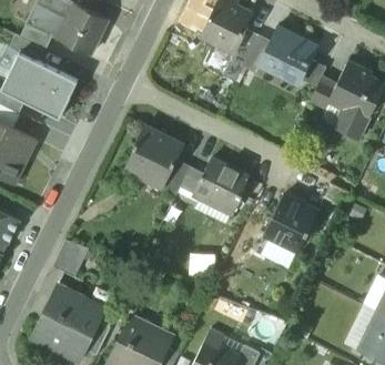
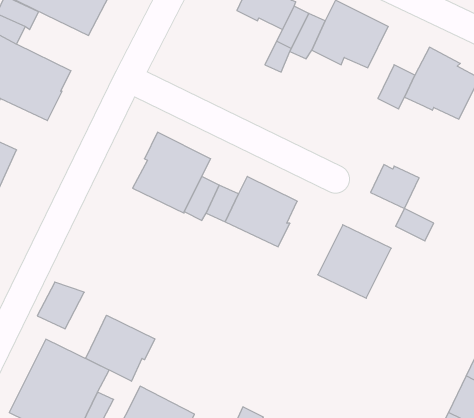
building: [334,107,371,140] -> [371,165,419,209]
building: none -> [85,315,155,381]

